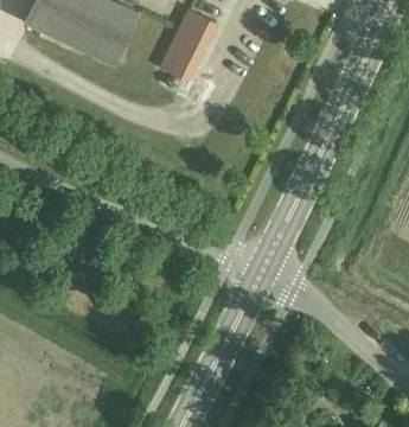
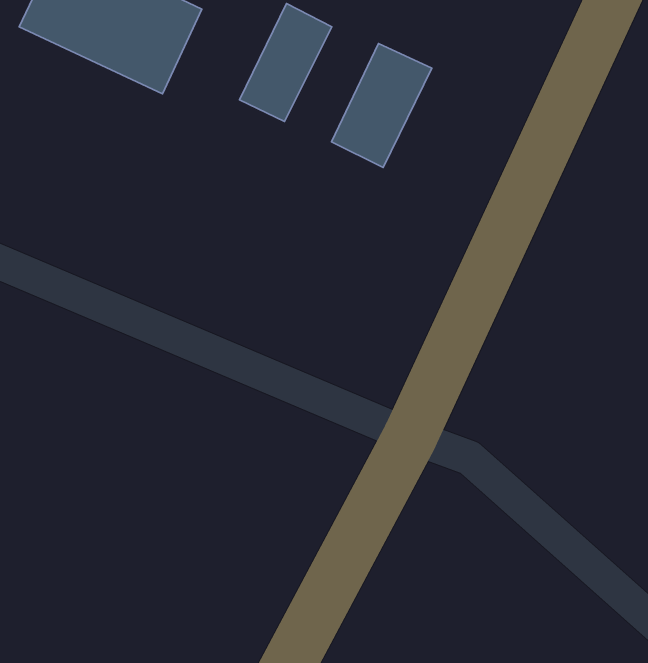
building: none -> [331,43,432,168]

